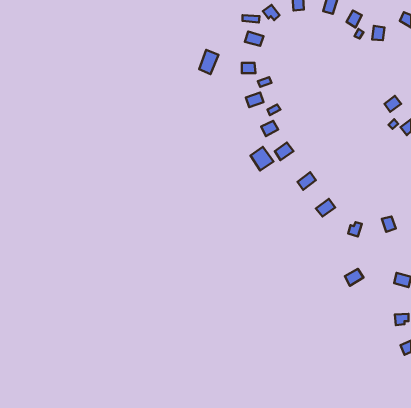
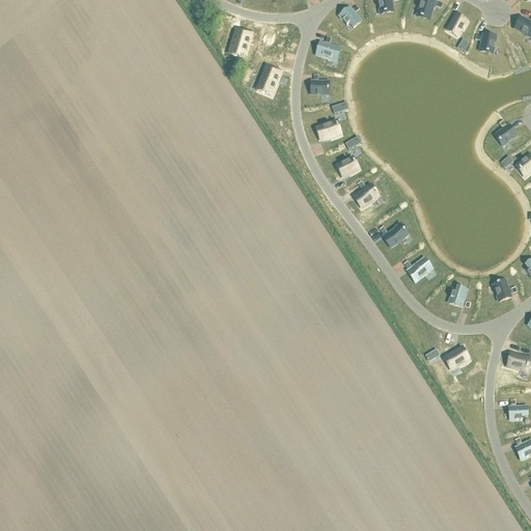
building: none -> [227,28,252,59]
building: [251,147,274,171] -> none

